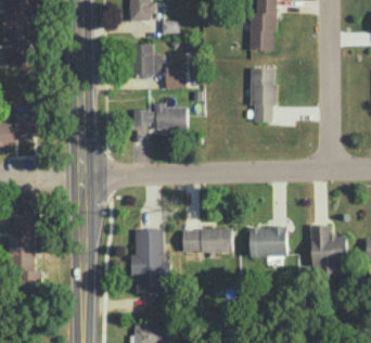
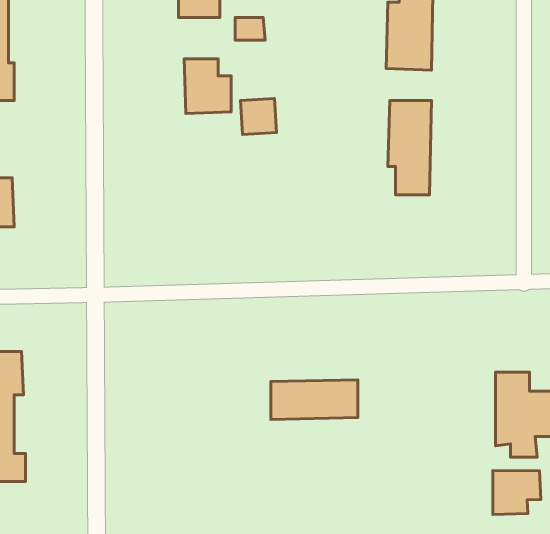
building: [132,103,187,129] -> none
building: [250,227,286,257] -> none
building: [130,229,170,294] -> none
building: none -> [493,470,541,515]

